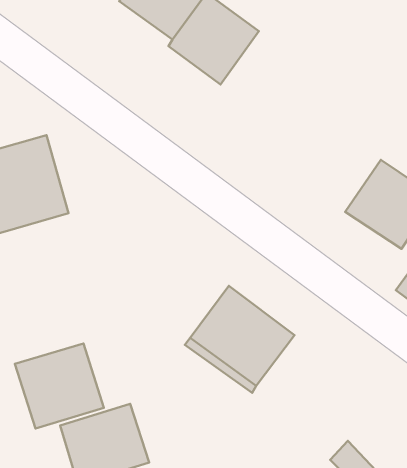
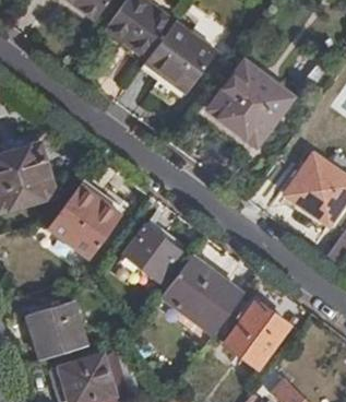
building: none -> [208,61,293,143]
building: none -> [48,186,122,261]
building: none -> [124,225,182,280]
building: none -> [226,300,290,367]

